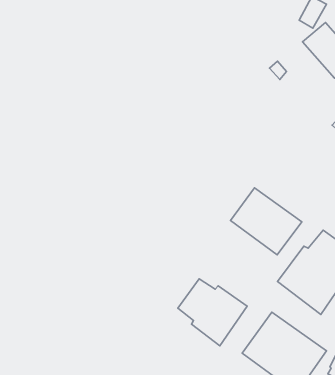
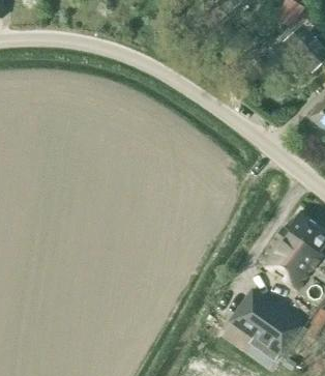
building: [231,188,302,255] -> none
building: [178,279,247,346] -> none

